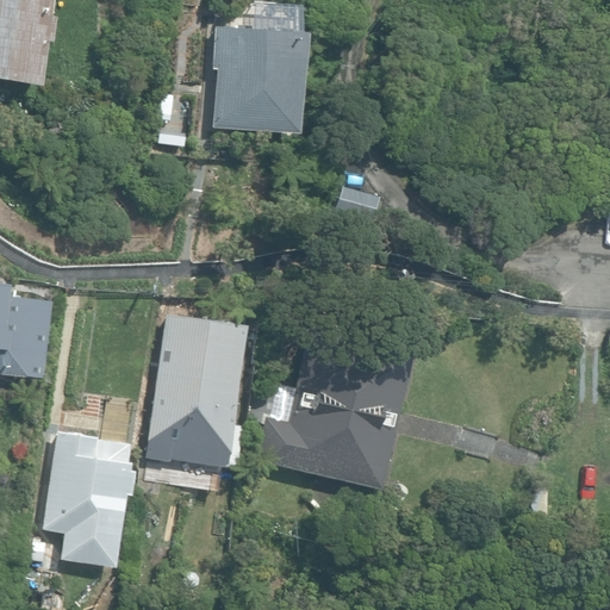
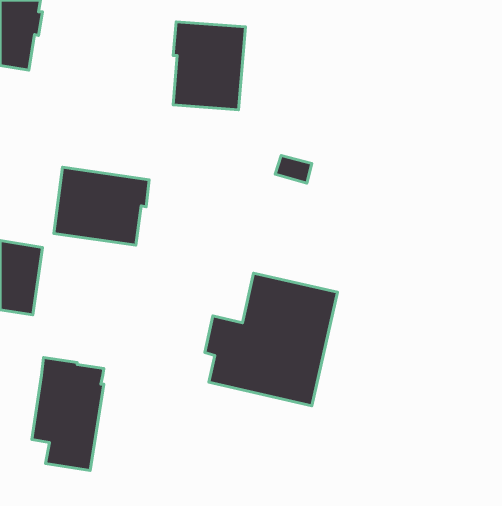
building: none -> [54,167,149,245]
building: [147,316,245,466] -> none

